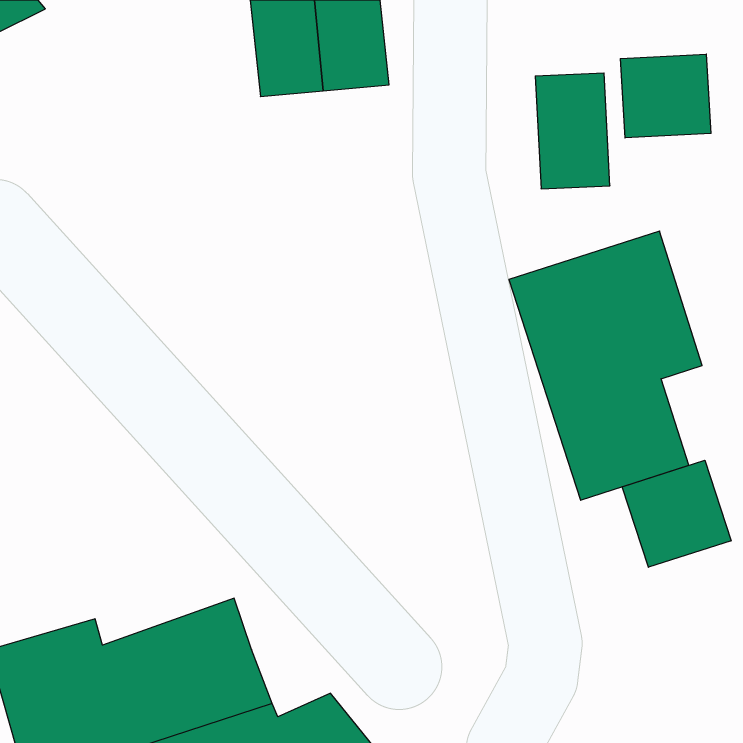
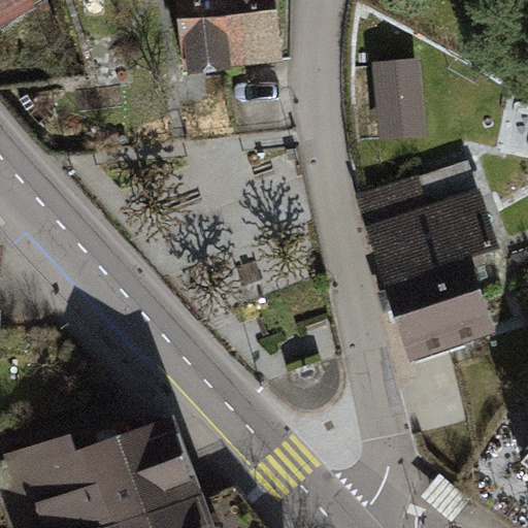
building: [620,54,711,138] -> none
building: [622,460,731,567] -> none

